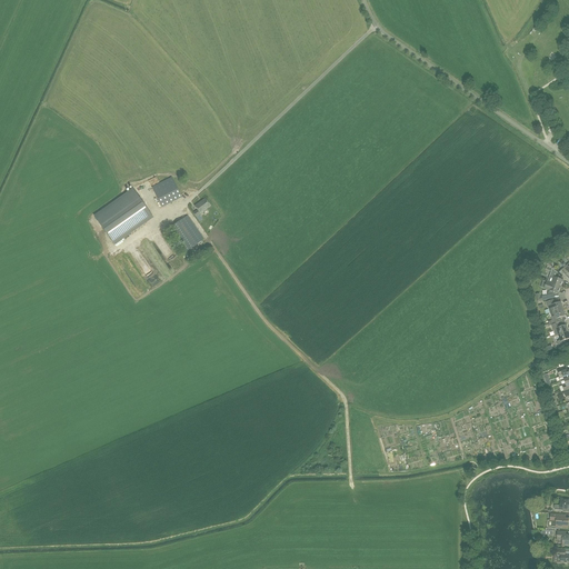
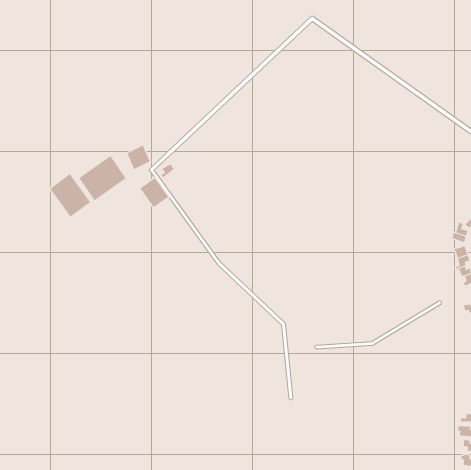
building: none -> [50,173,91,218]

